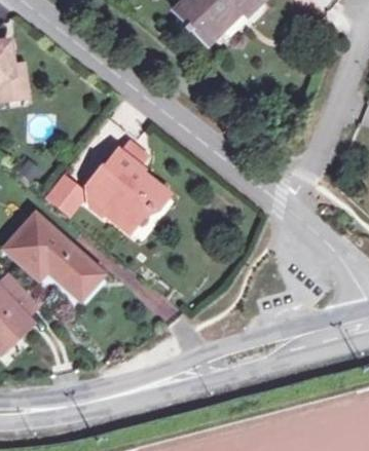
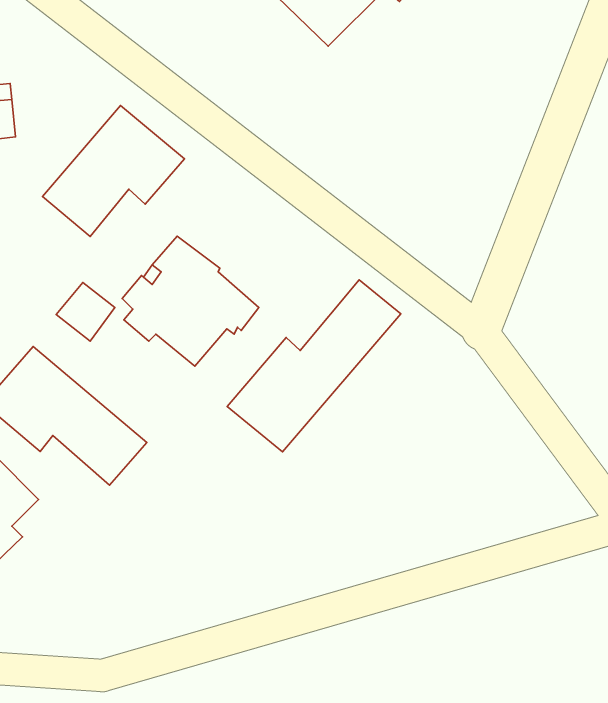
building: none -> [42,105,184,236]
building: none -> [227,280,401,452]

